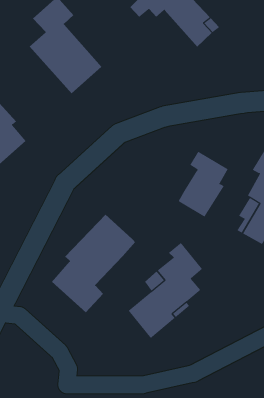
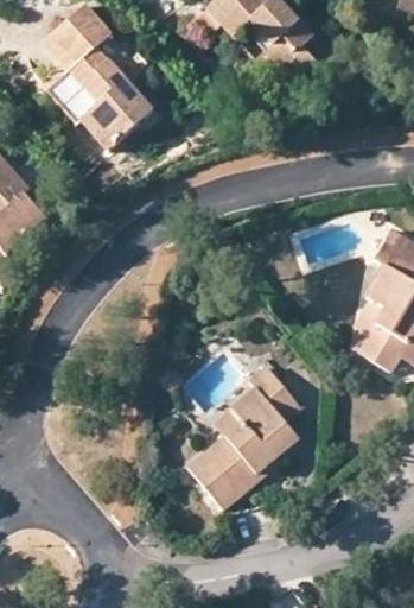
building: [178,151,228,218] -> none
building: [51,214,136,313] -> none

